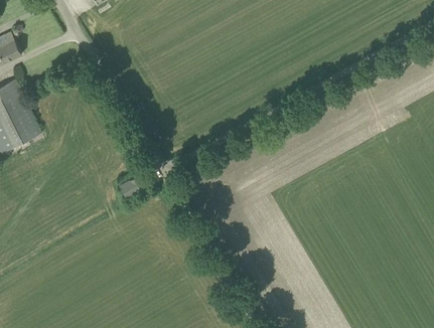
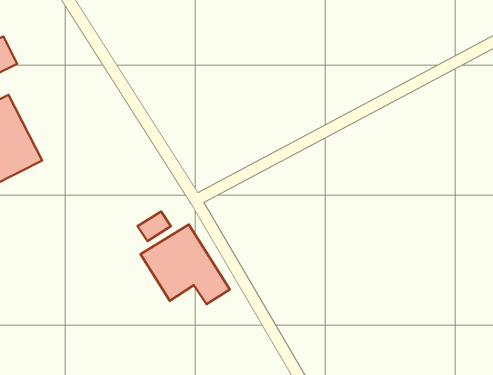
building: none -> [141,224,230,304]

